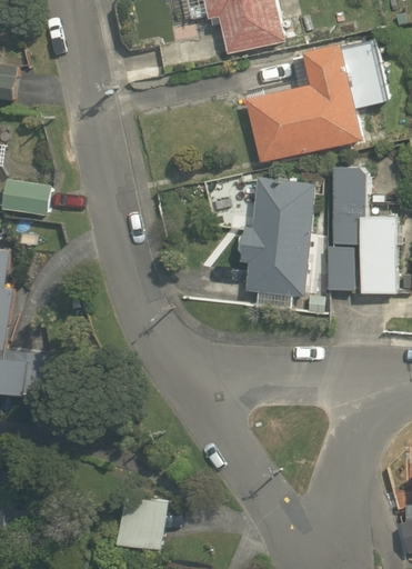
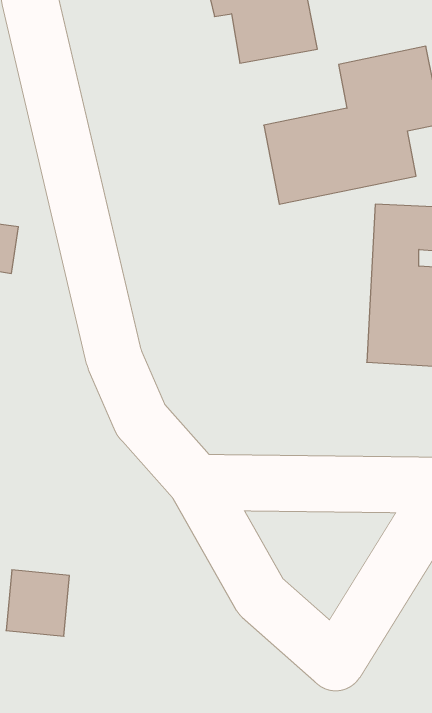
building: [241,176,324,309] -> none
building: [118,497,168,549] -> [6,570,69,636]

